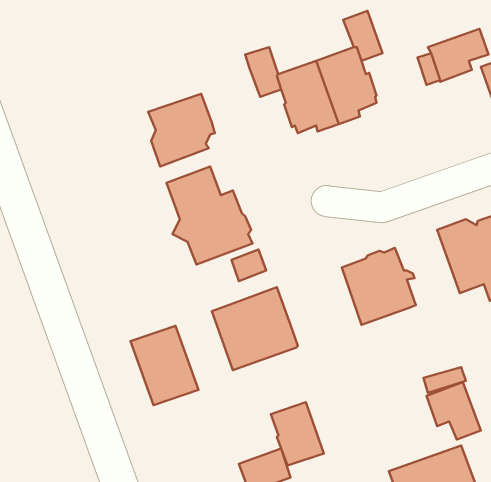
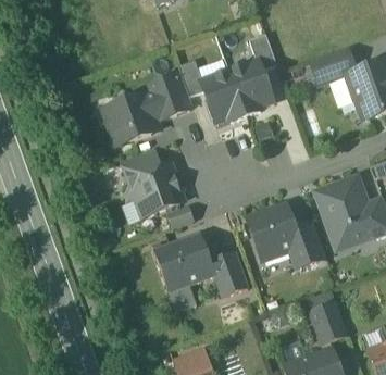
building: none -> [147,74,192,120]
building: none -> [295,221,326,266]
building: [131,326,199,405] -> none
building: [271,402,324,466] -> [211,251,249,297]

